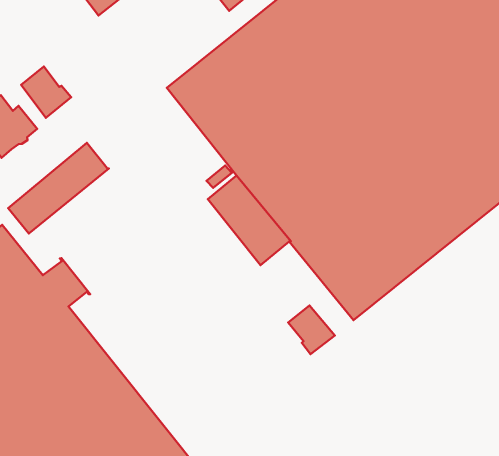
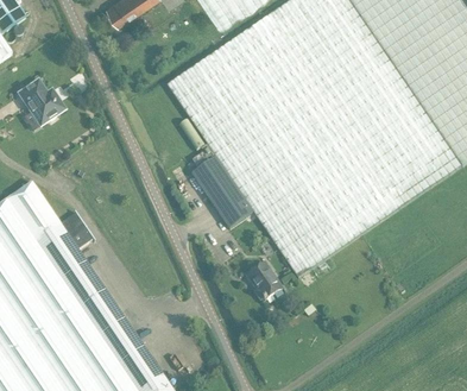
building: [21,67,71,118] -> none
building: [8,143,109,234] -> none

